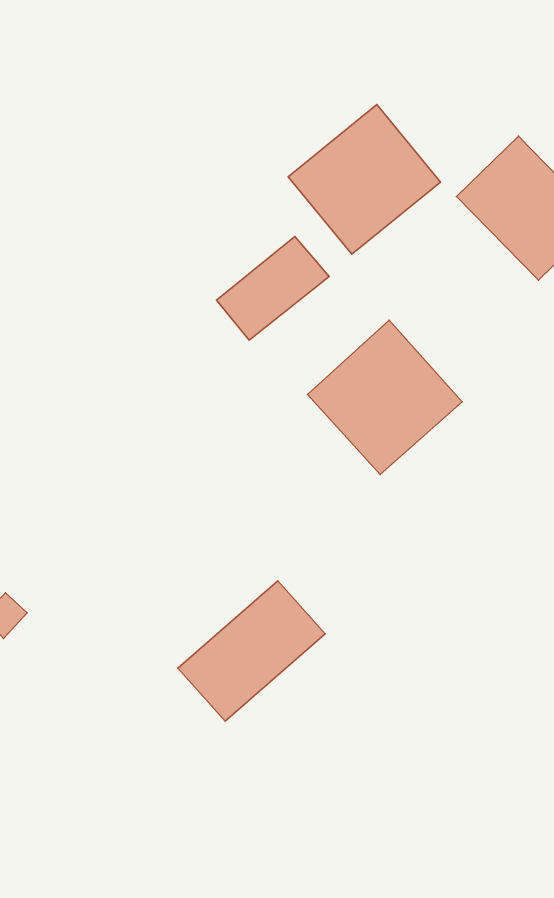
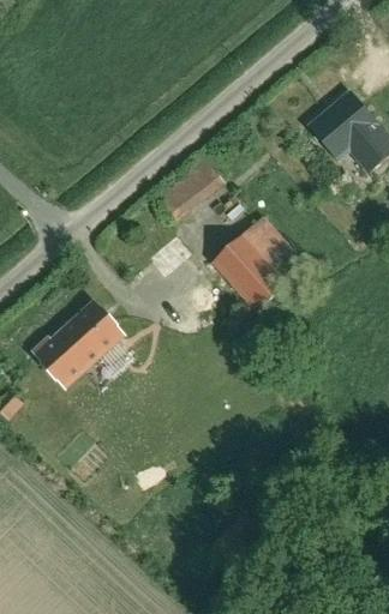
building: [288,105,440,254] -> none
building: [178,581,325,721] -> [26,300,124,392]

